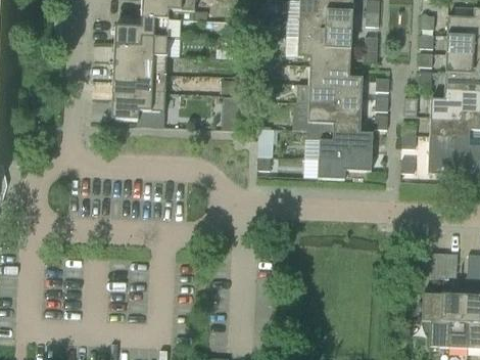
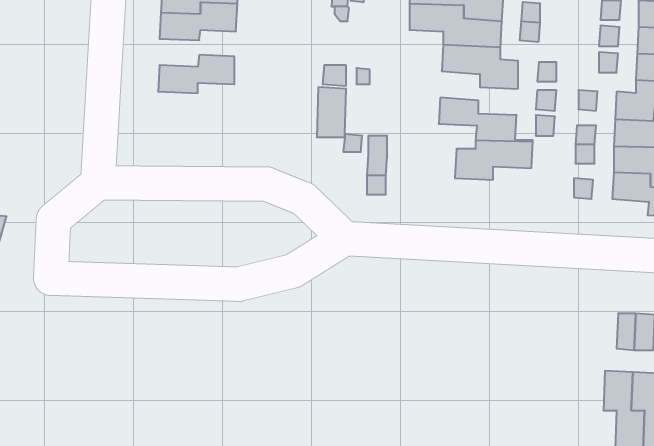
building: [112,54,165,80] -> none
building: [307,83,362,114] -> none
building: [110,91,164,126] -> none
building: [317,149,371,178] -> none

